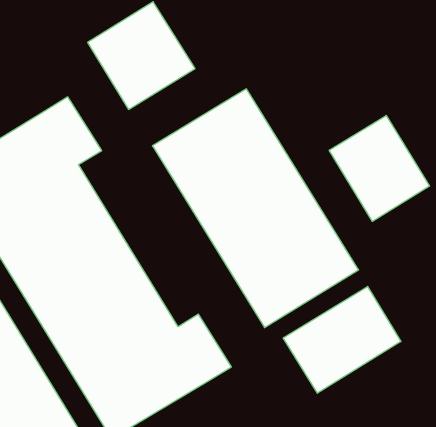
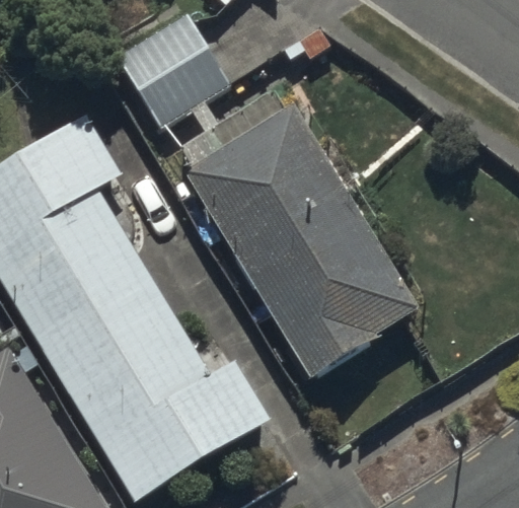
building: [329,115,430,221] -> none
building: [283,286,401,393] -> none

